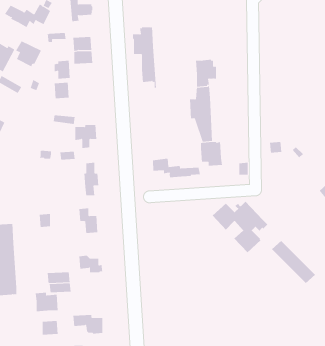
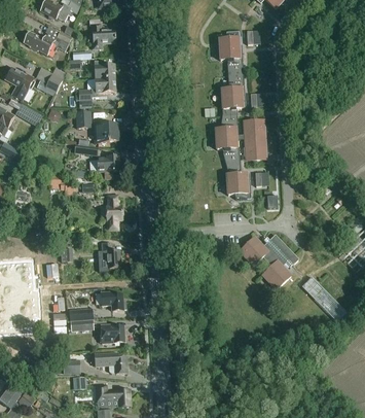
building: [132,27,157,88] -> [218,31,244,95]
building: none -> [243,119,264,161]
building: none -> [94,124,117,143]
building: [153,158,201,178] -> none
building: [35,292,59,312] -> [100,323,124,344]

